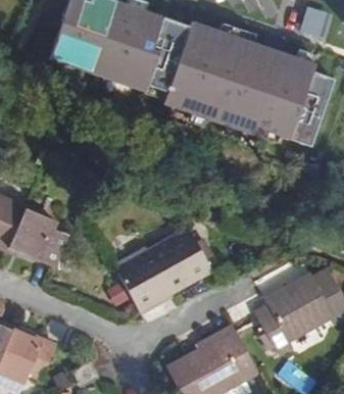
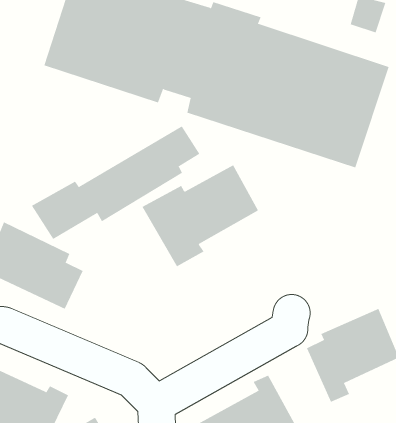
building: none -> [31,125,200,240]
building: [113,232,212,318] -> [141,165,259,267]

